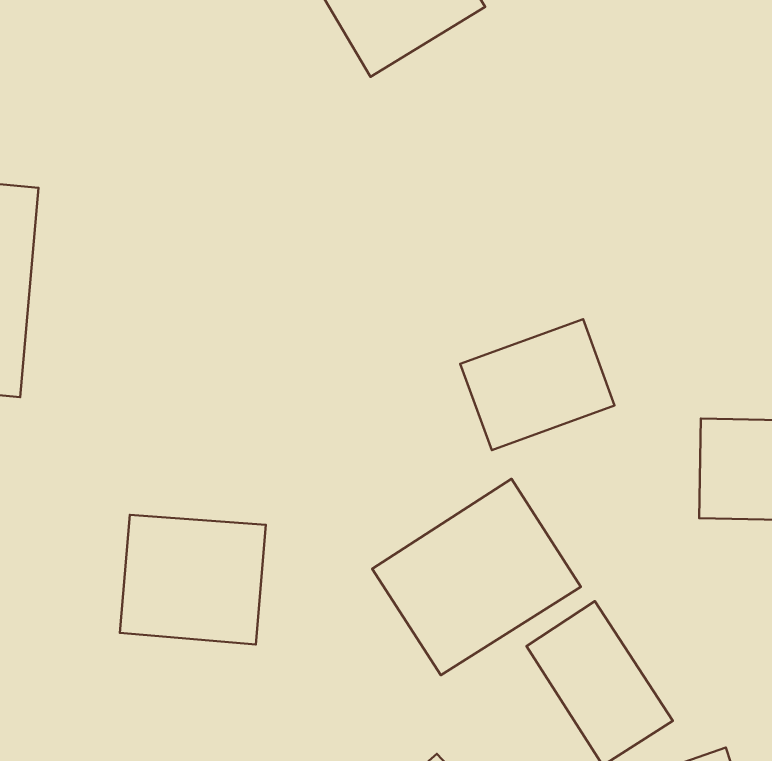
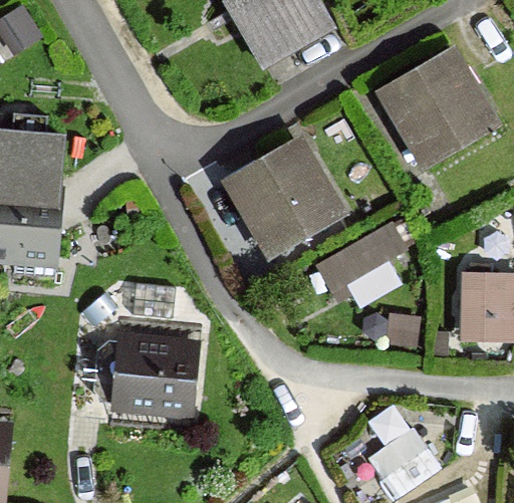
building: none -> [381,58,491,165]
building: none -> [233,148,341,255]
building: [372,479,581,675] -> none

